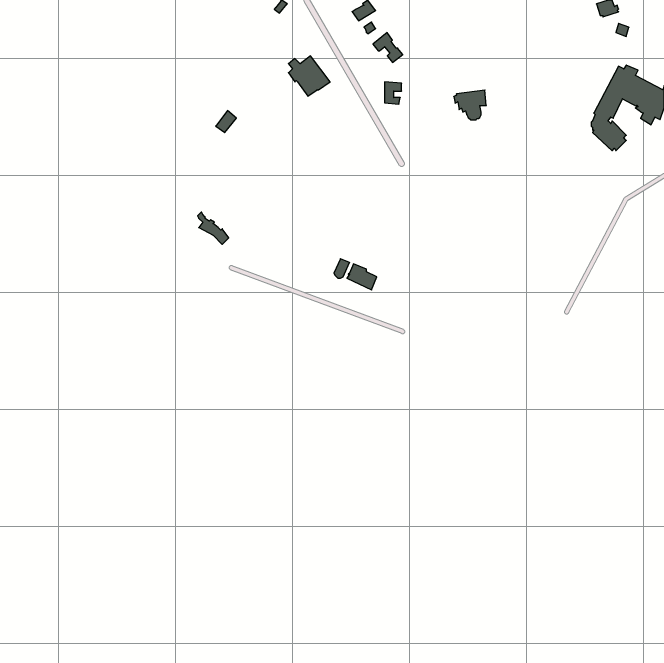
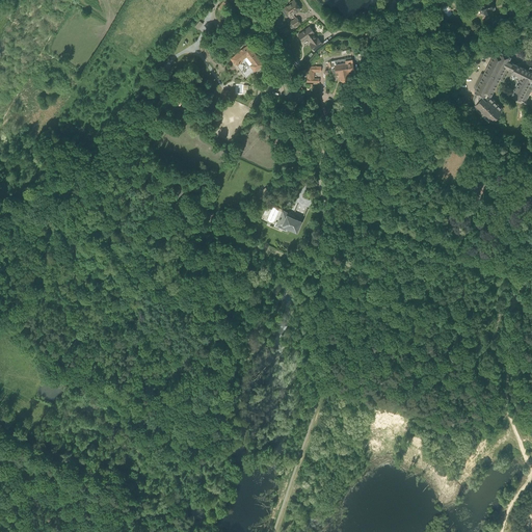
building: [454,90,486,120] -> [328,59,354,83]

